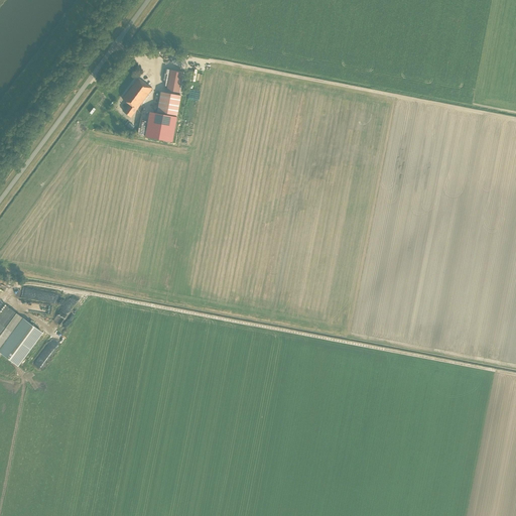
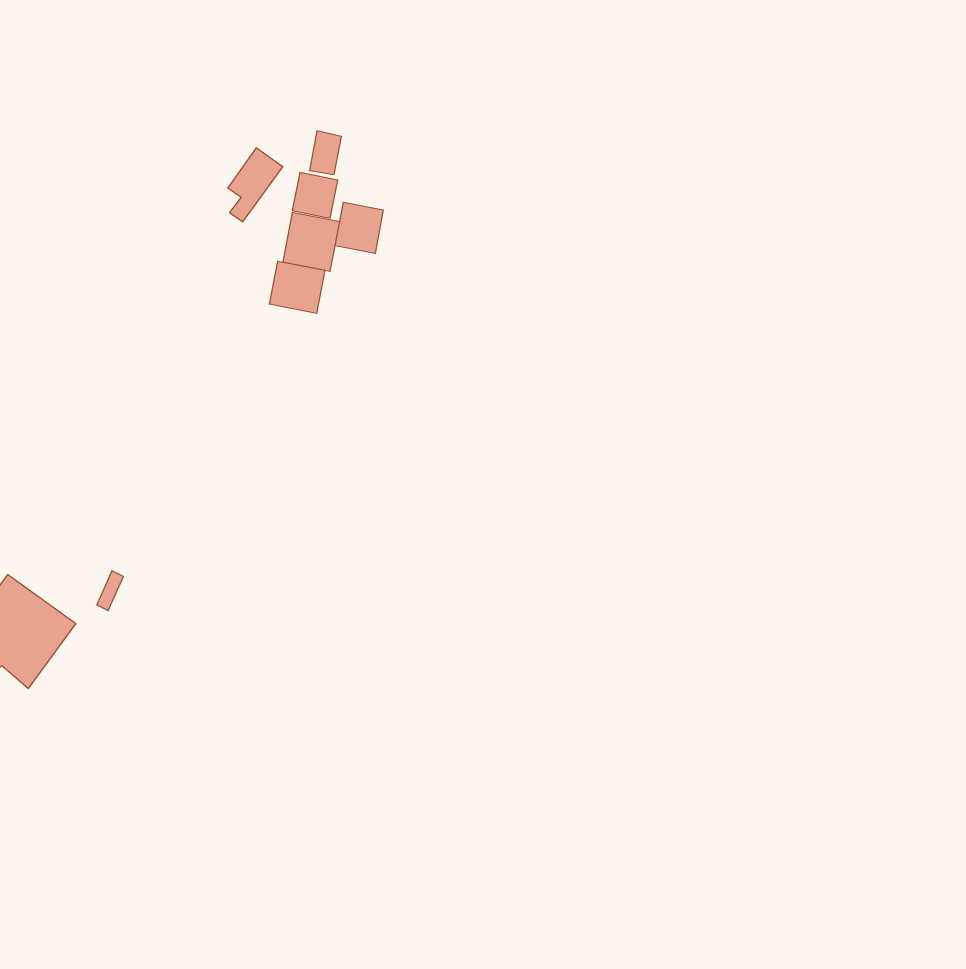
building: none -> [335,202,383,254]
building: none -> [269,261,325,313]

